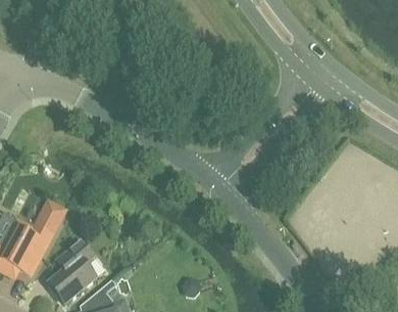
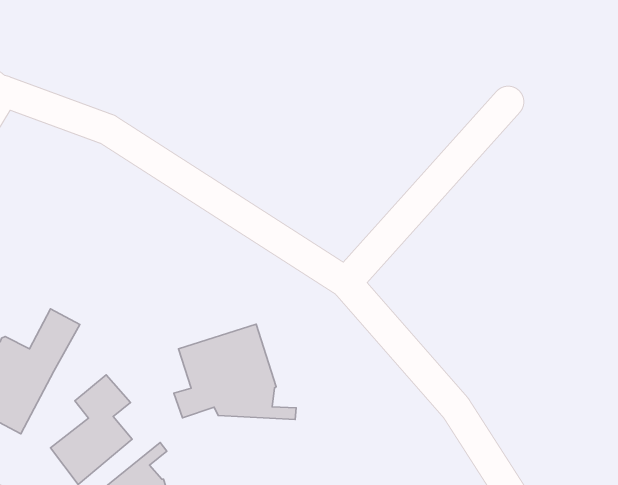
building: none -> [174,324,296,419]

